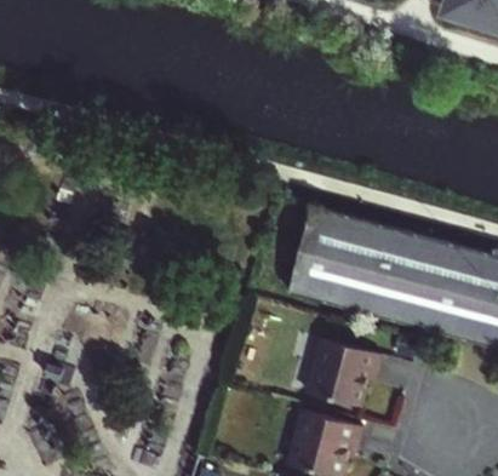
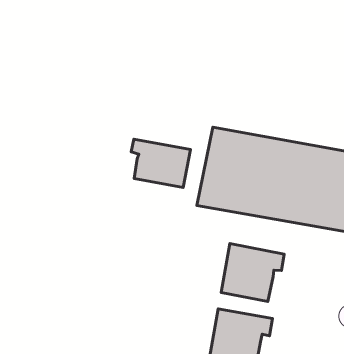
building: none -> [131,139,191,187]

